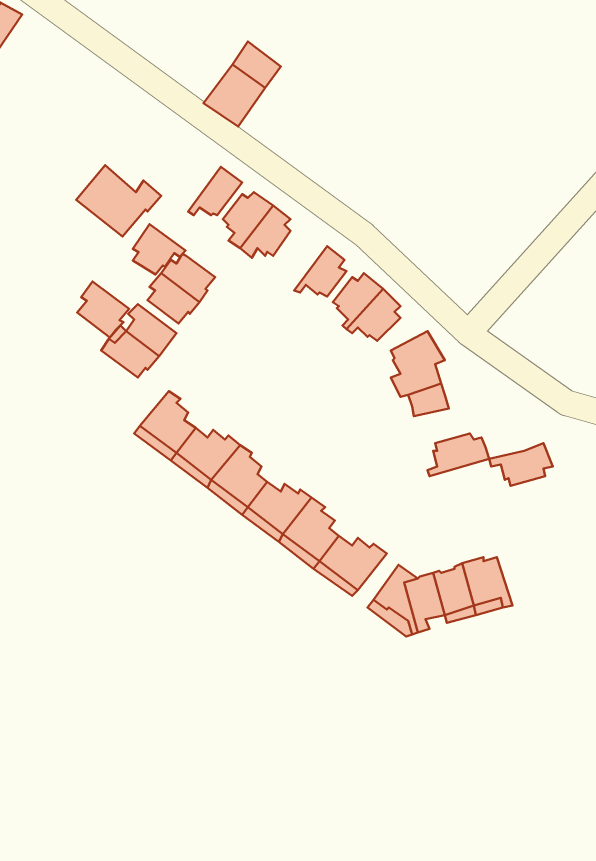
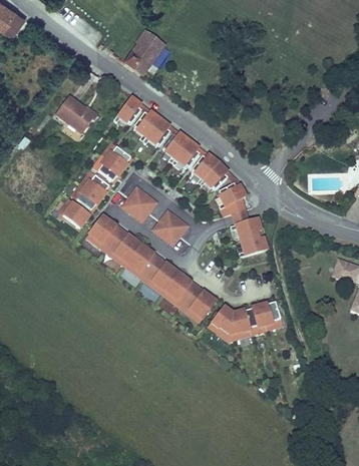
building: [133,224,185,275] -> none
building: none -> [160,131,187,161]
building: [77,282,129,338] -> [59,195,86,224]
building: none -> [121,184,158,222]
building: none -> [151,207,191,246]
building: [489,443,553,486] -> [232,218,265,241]

